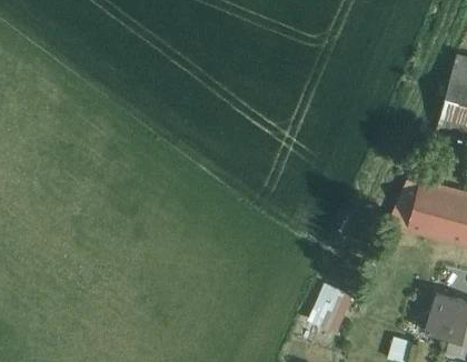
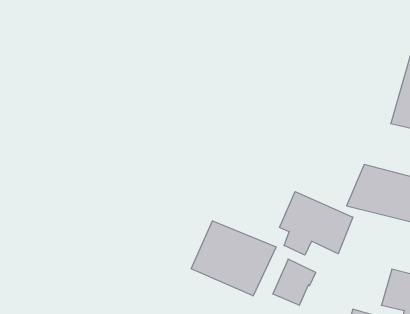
building: none -> [279,192,353,255]
building: none -> [191,221,276,296]

